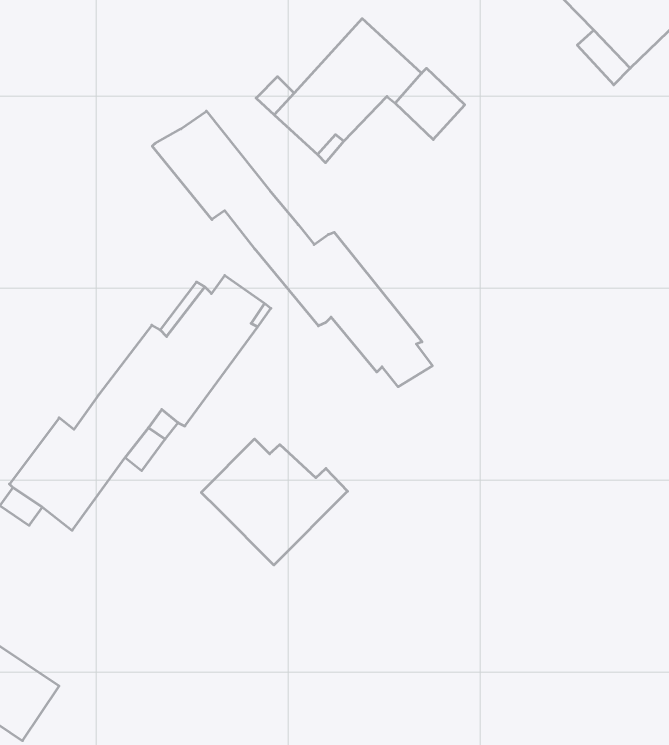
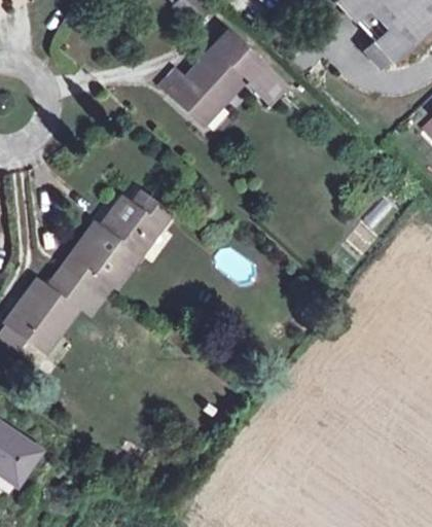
building: [152,111,432,387] -> none
building: [201,439,348,565] -> none

